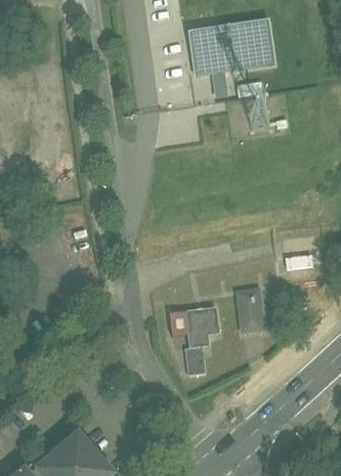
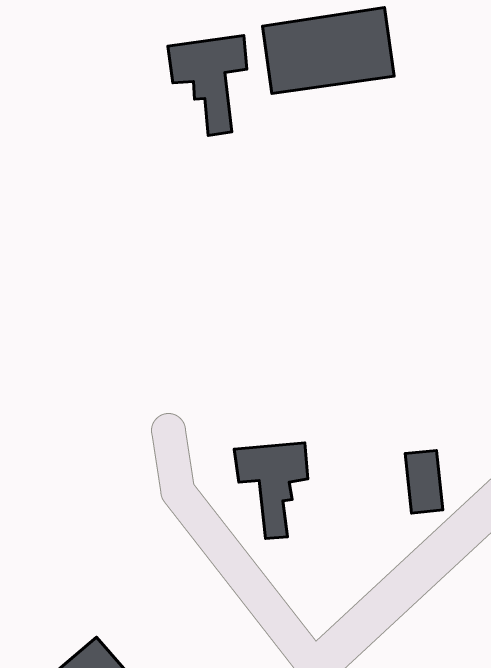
building: none -> [168,35,247,136]
building: [236,287,260,328] -> [405,450,443,513]

